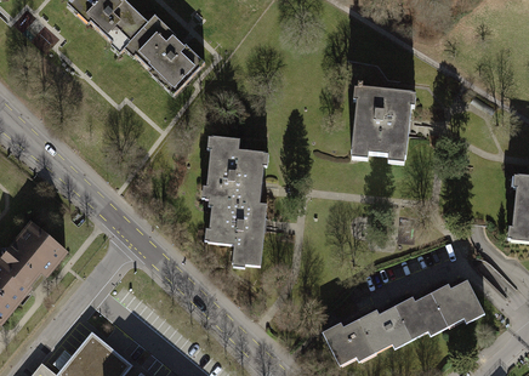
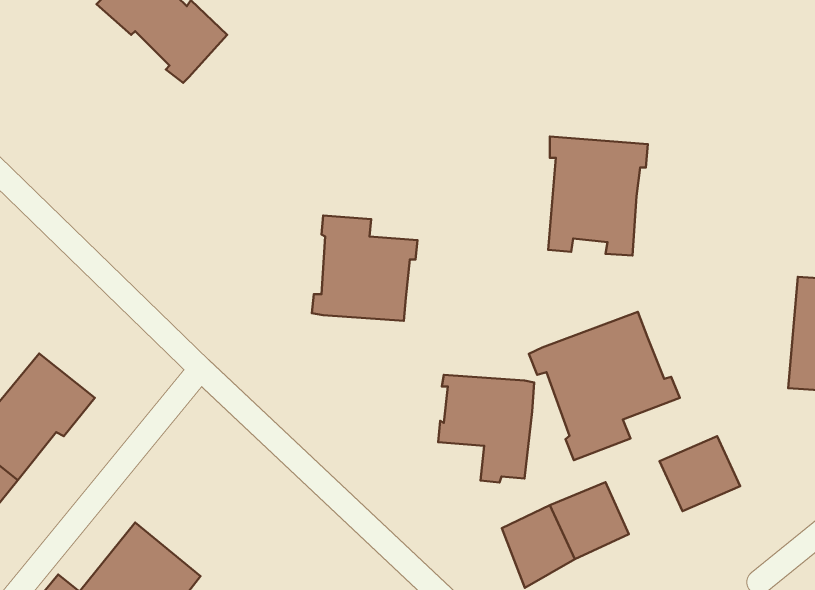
building: [125,17,203,90] -> none
building: none -> [529,312,680,460]
building: [206,200,267,268] -> [438,375,534,482]
building: [388,292,437,338] -> none

